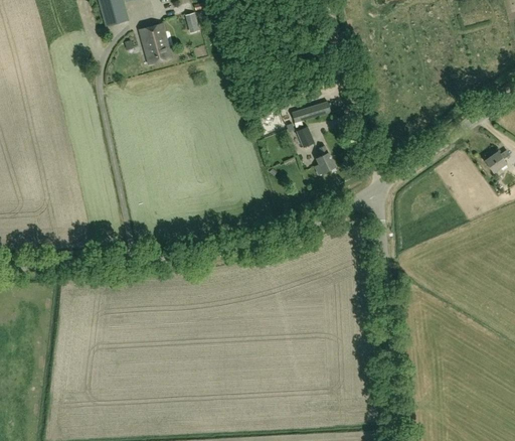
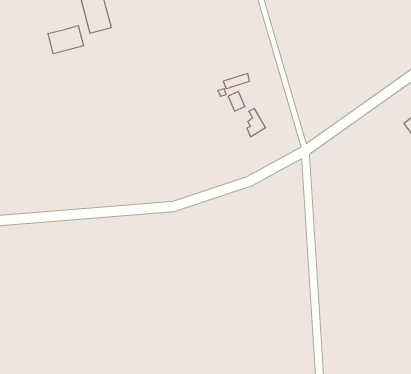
building: none -> [48,26,83,54]

